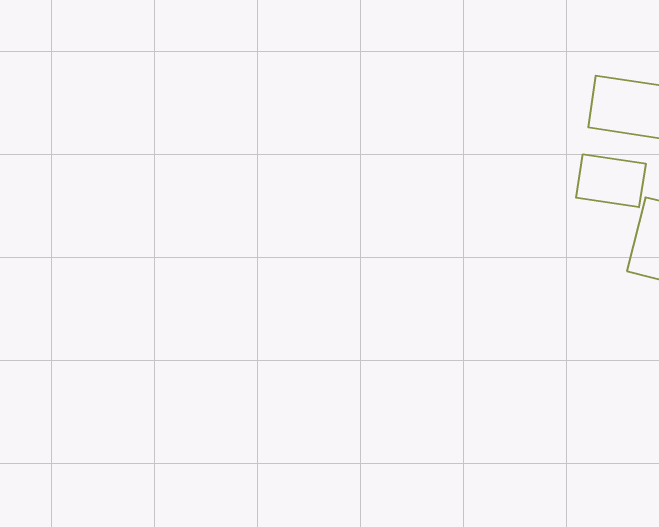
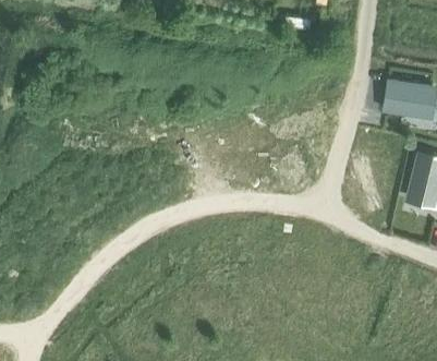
building: [576,154,646,207] -> none

